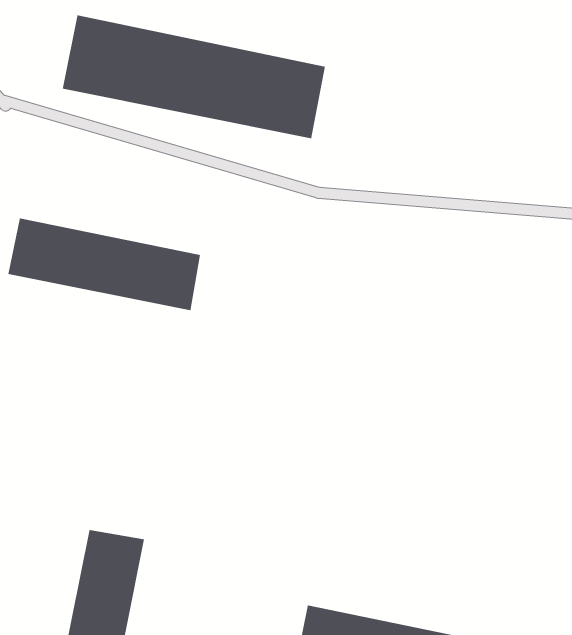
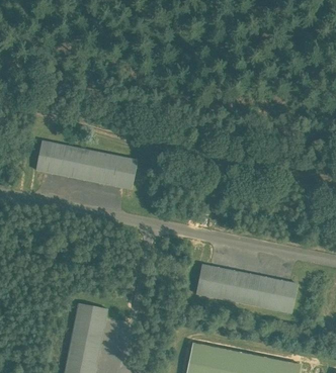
building: [62,14,326,139] -> none
building: none -> [195,265,298,312]

